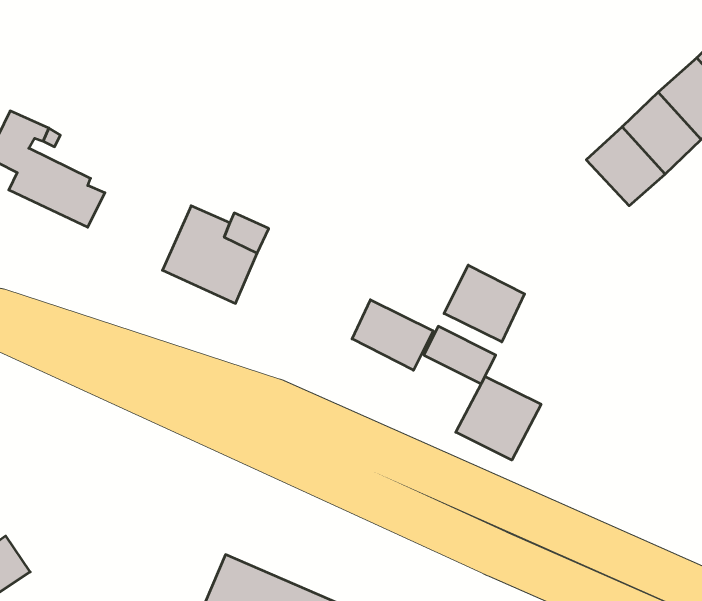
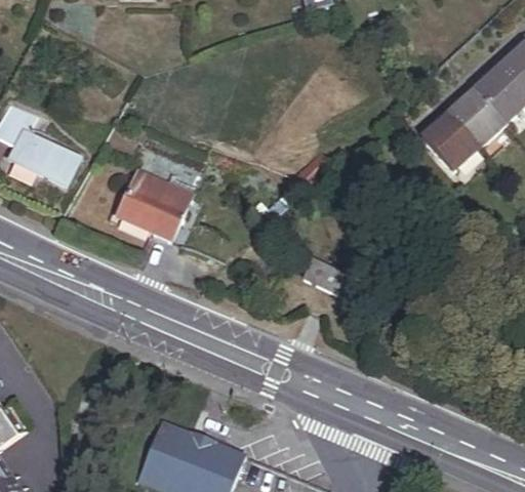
building: [444,265,525,342] -> none
building: [352,300,433,370] -> none
building: [456,376,541,460] -> none

